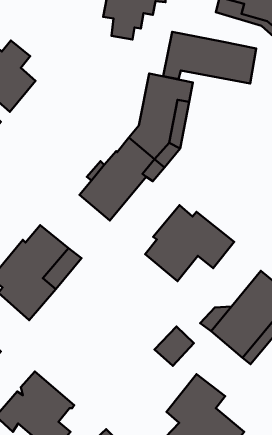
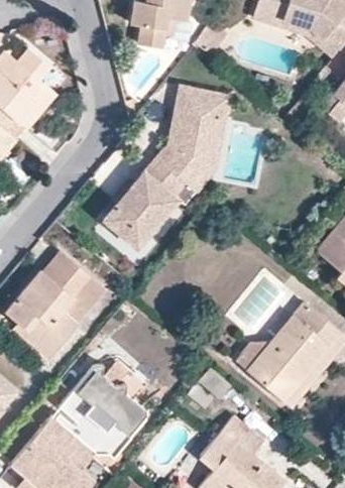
building: [163,32,256,84] -> none
building: [145,205,234,281] -> none
building: none -> [53,368,144,458]

